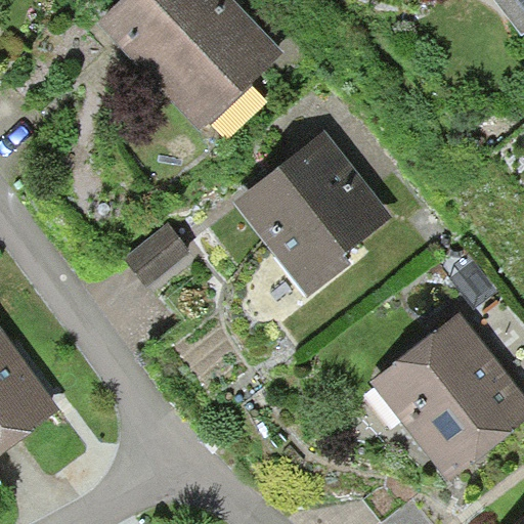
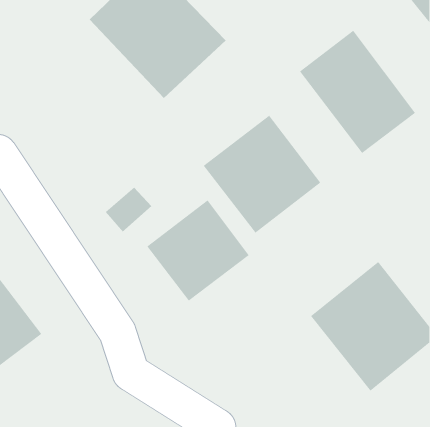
building: none -> [299,30,416,154]
building: none -> [146,199,249,301]

